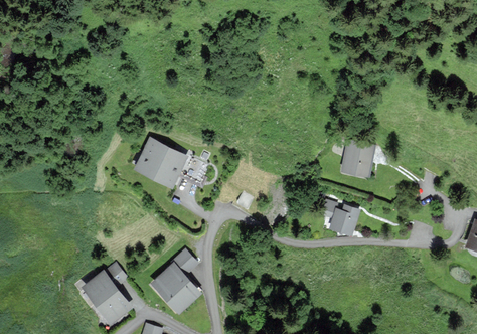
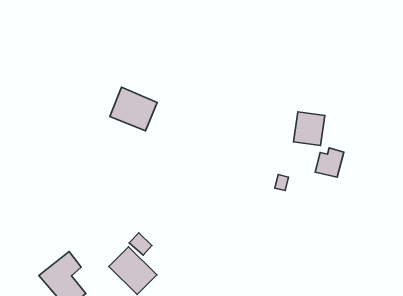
building: [137,140,184,184] -> [110,87,157,131]
building: [329,206,358,235] -> [315,148,344,177]

